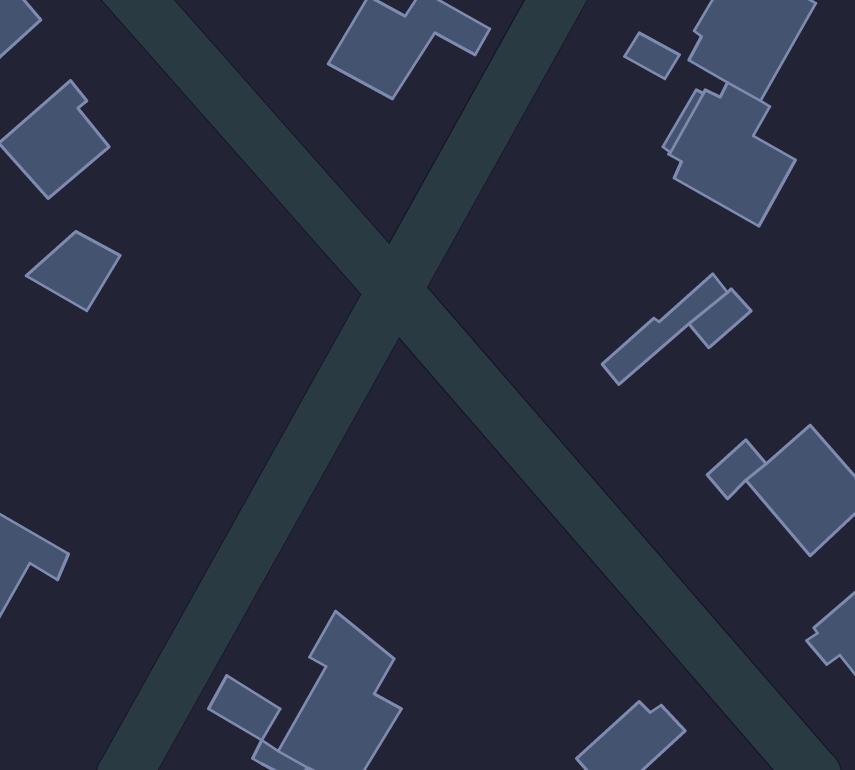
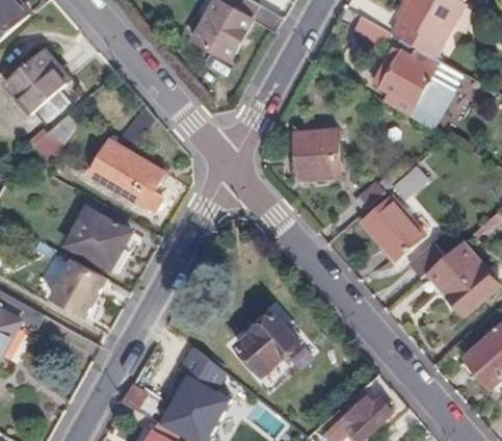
building: none -> [295,130,341,180]
building: none -> [90,138,163,204]
building: none -> [362,194,424,259]
building: none -> [67,208,129,268]
building: none -> [53,260,109,316]
building: none -> [234,312,296,372]

